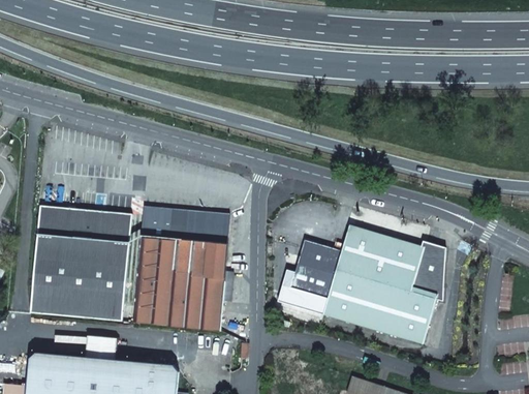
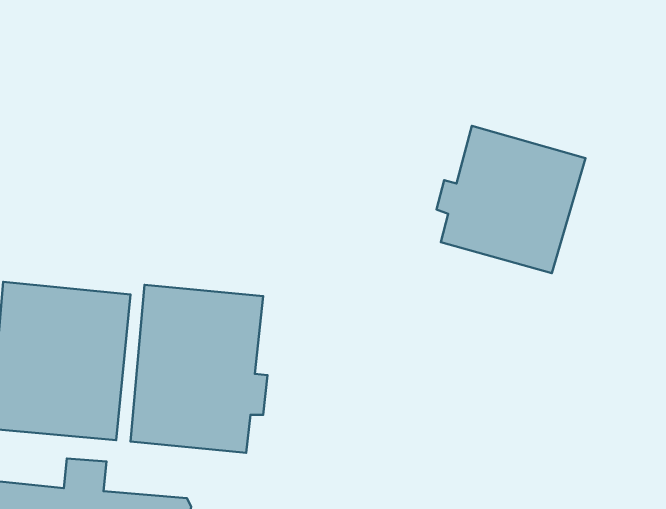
building: none -> [436,126,585,273]
building: [275,223,441,340] -> none

